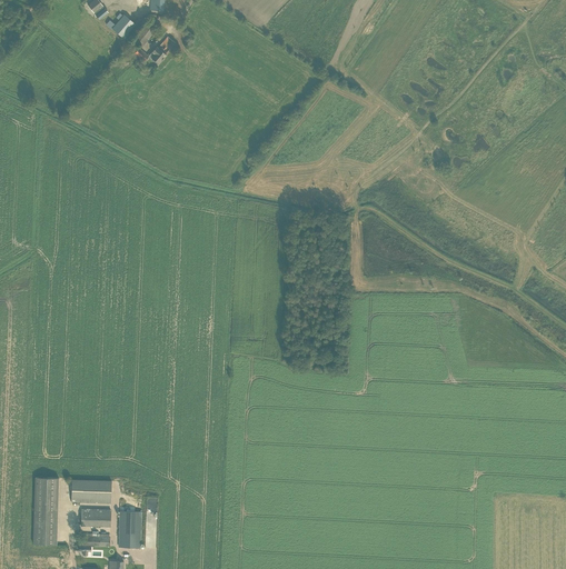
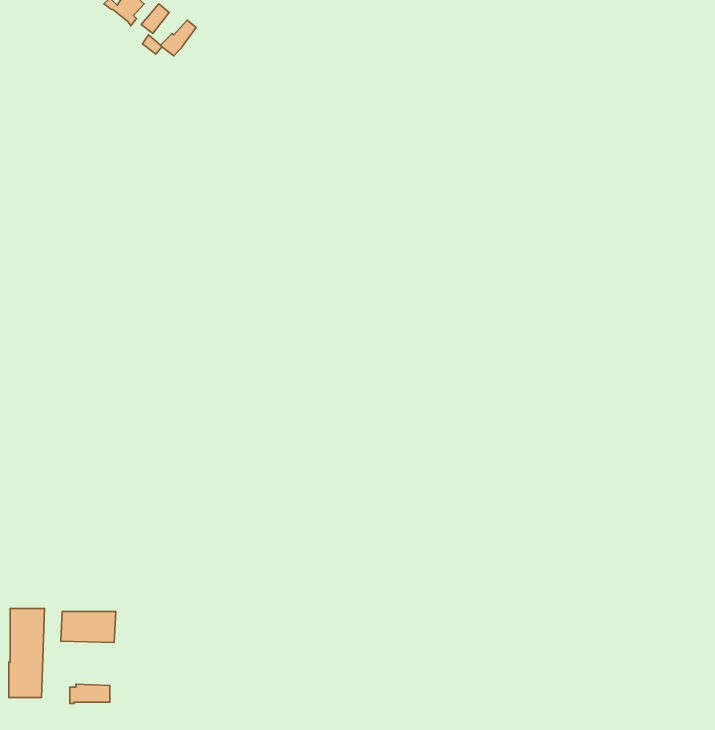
building: [80,508,111,526] -> none
building: [118,510,140,548] -> none

